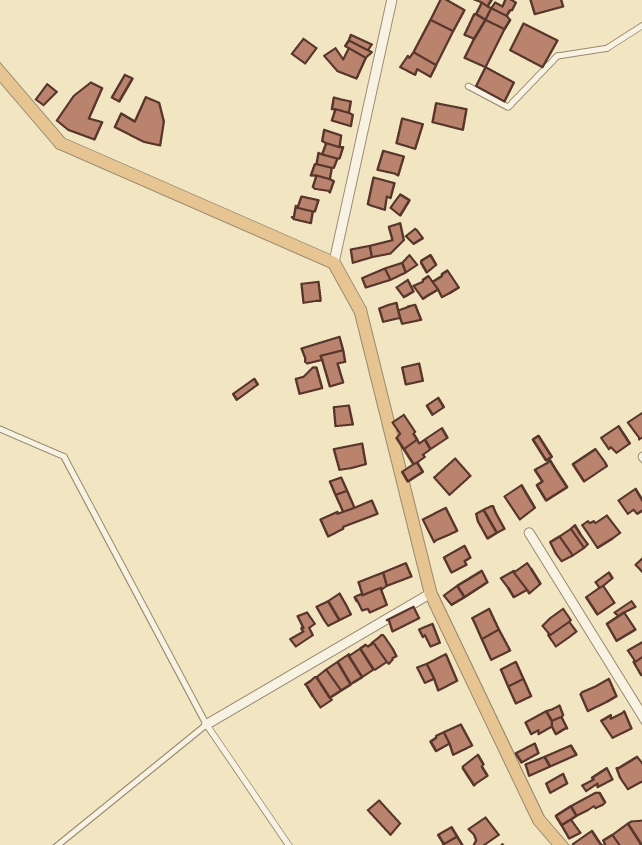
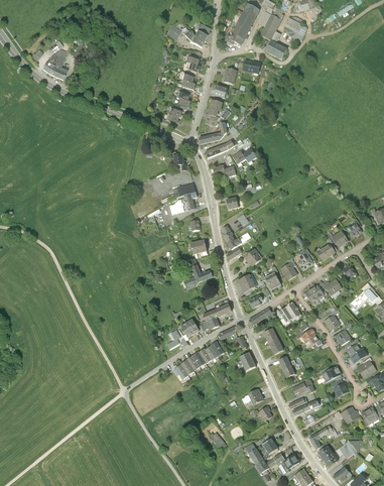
building: [115,97,164,146] -> none

